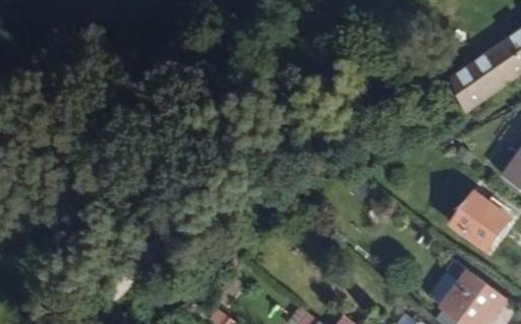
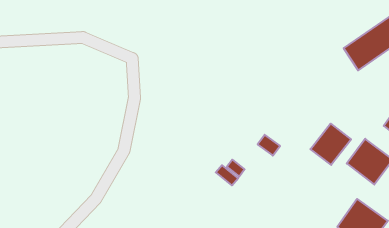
building: none -> [310,124,351,165]

